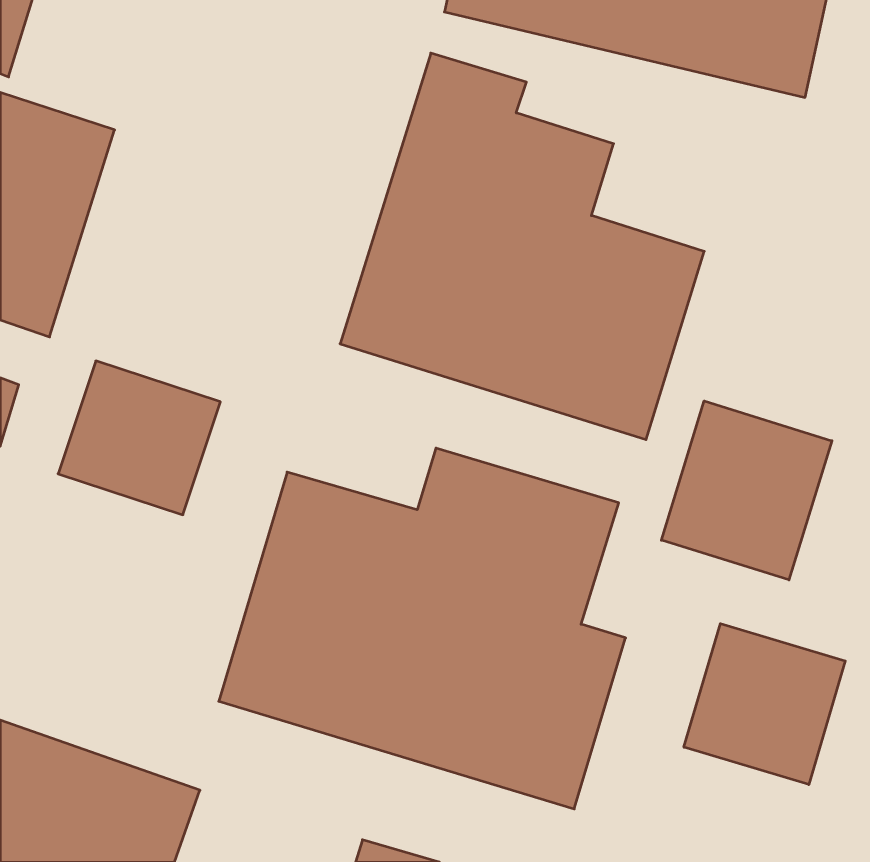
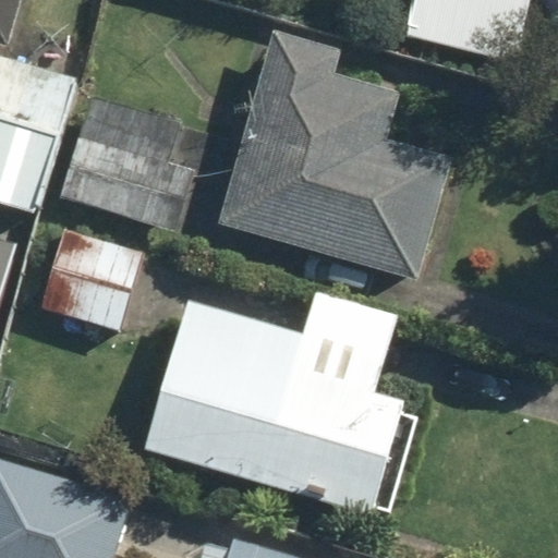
building: none -> [61,90,197,231]
building: [661,401,832,580] -> none
building: [684,624,845,785] -> none

